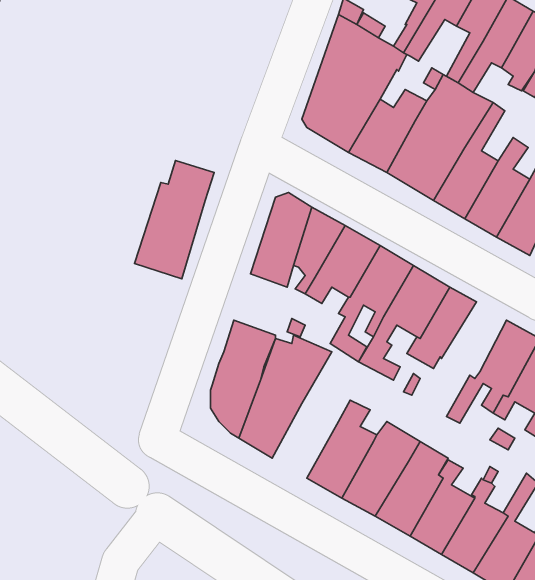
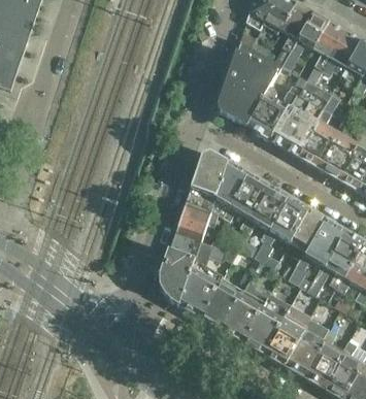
building: [134,161,214,279] -> none
building: none -> [175,202,215,240]
building: none -> [288,220,344,285]
building: none -> [199,271,251,329]

